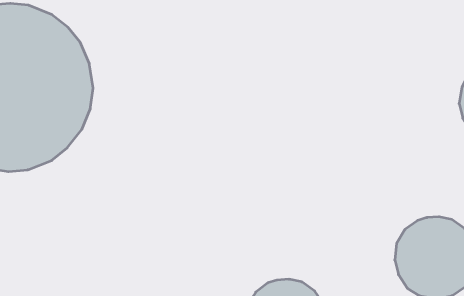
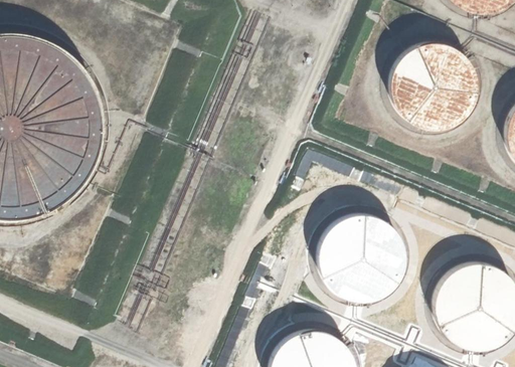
building: none -> [389,42,480,133]
building: none -> [318,213,408,304]

